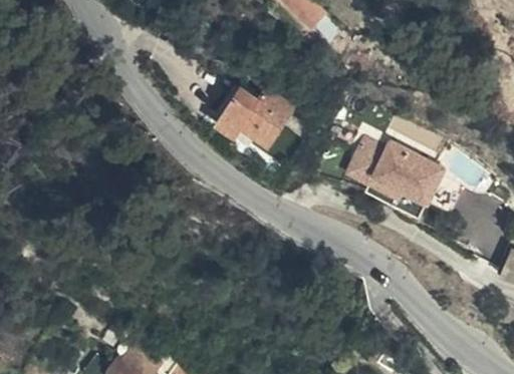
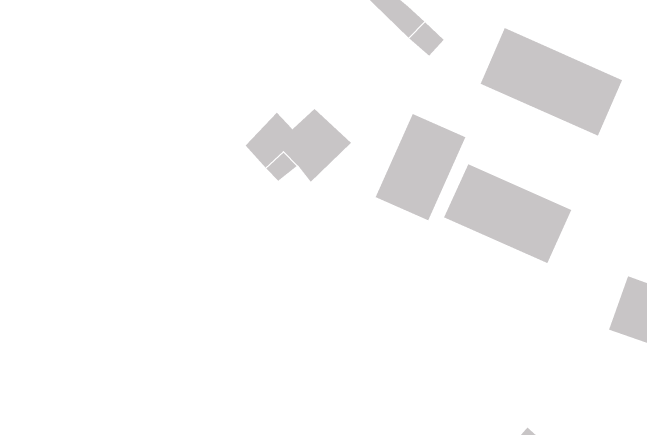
building: none -> [480,27,623,137]
building: none -> [375,113,466,221]

